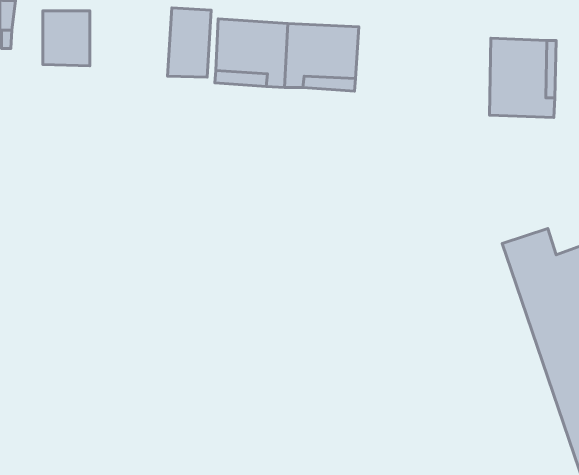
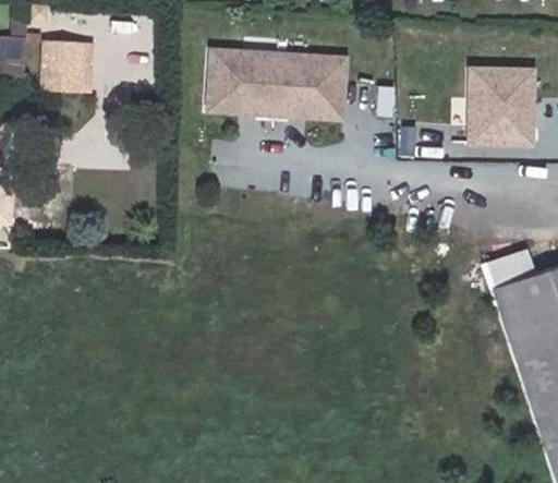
building: [167,8,211,77] -> none

